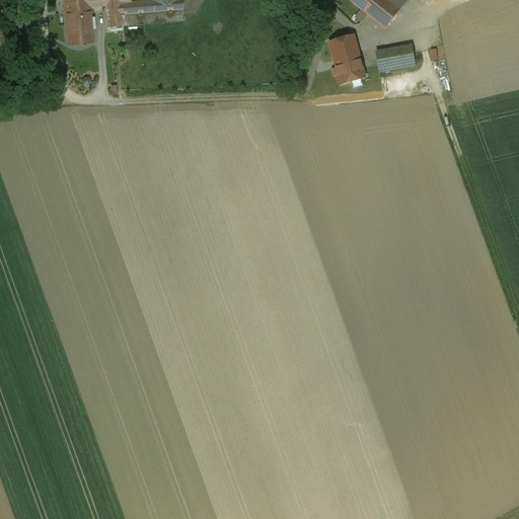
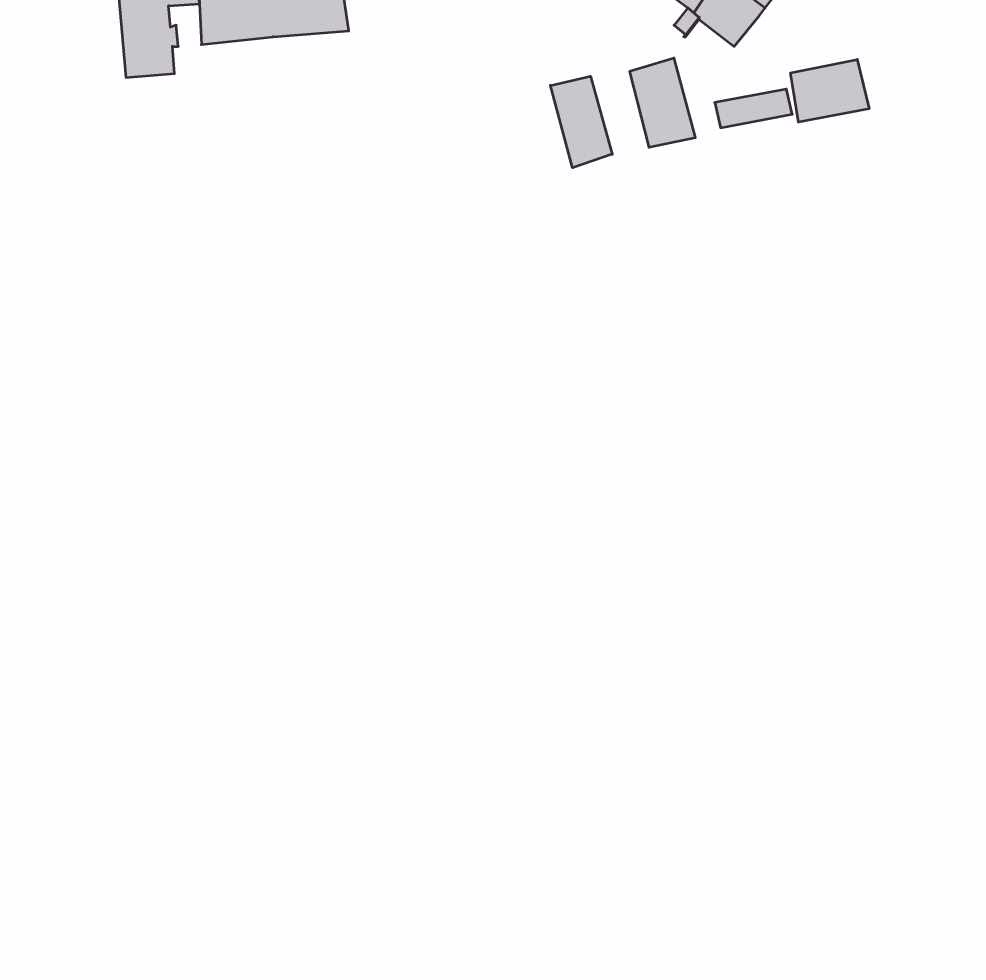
building: none -> [791,59,869,122]
building: none -> [550,76,612,168]

